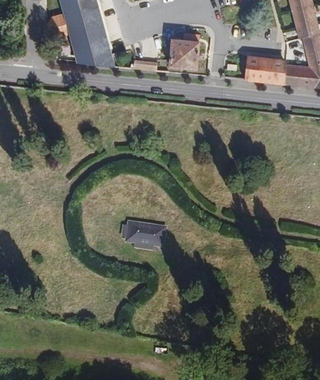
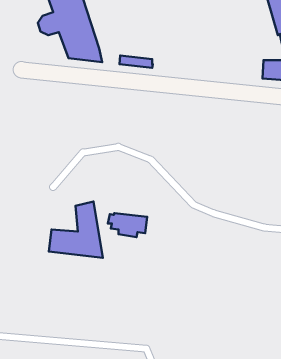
building: [170,32,200,68] -> none
building: [239,57,280,83] -> none
building: none -> [49,201,103,258]

